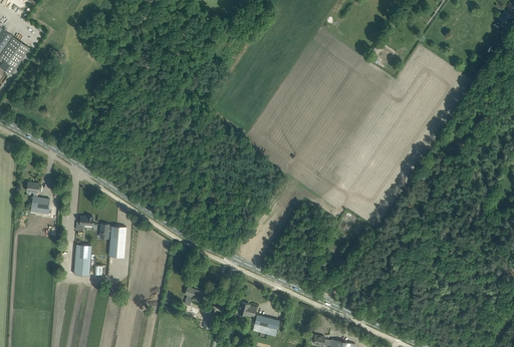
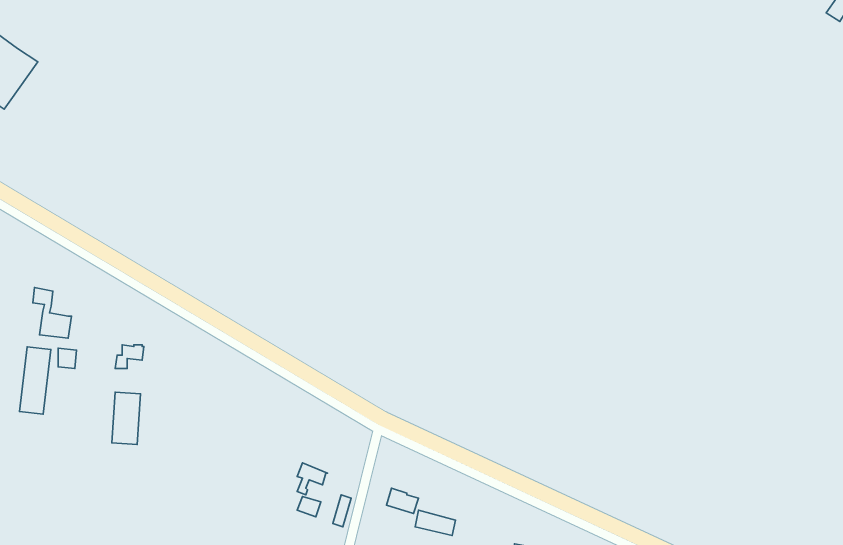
building: none -> [20,347,51,414]
building: [100,224,126,257] -> none

